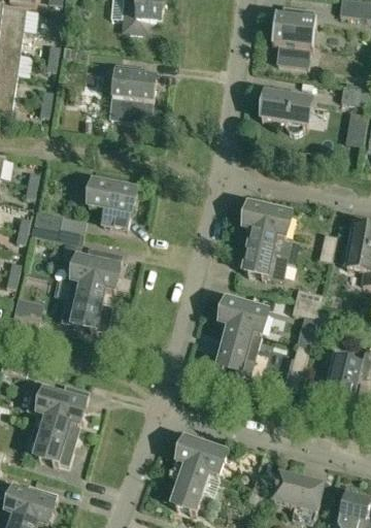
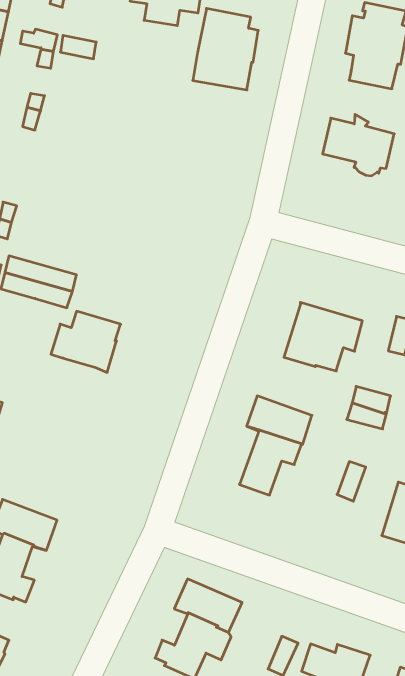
building: [110,63,156,121] -> [193,8,258,90]
building: [89,169,136,227] -> none
building: [243,203,291,235] -> none
building: [63,279,114,330] -> none

